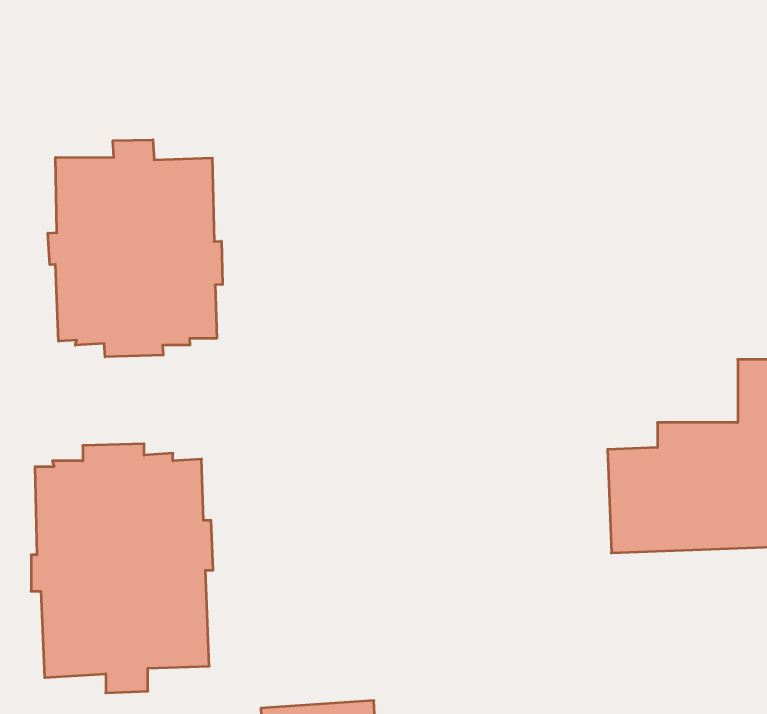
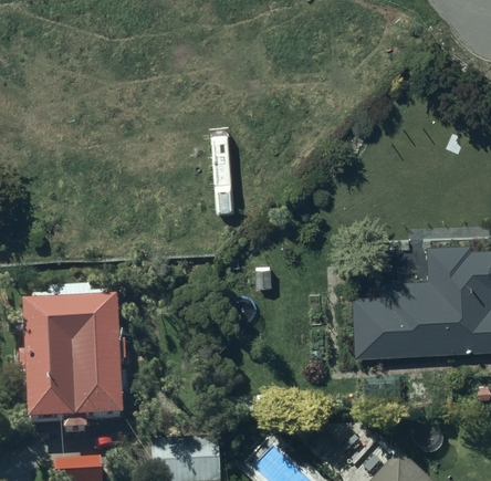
building: [48,140,222,357] -> none

